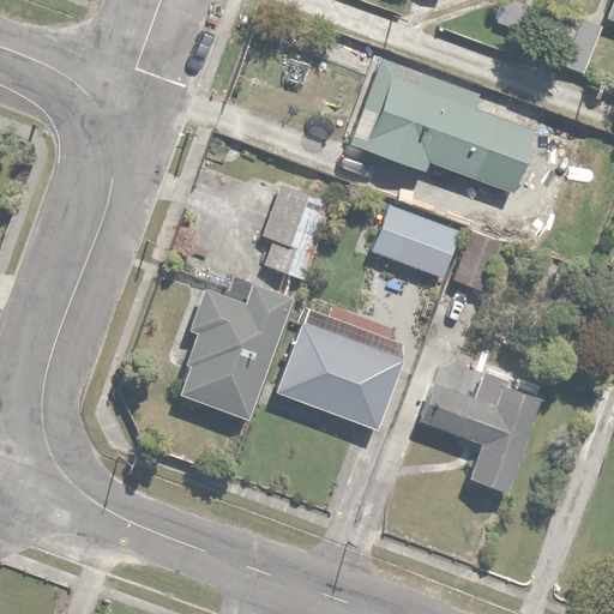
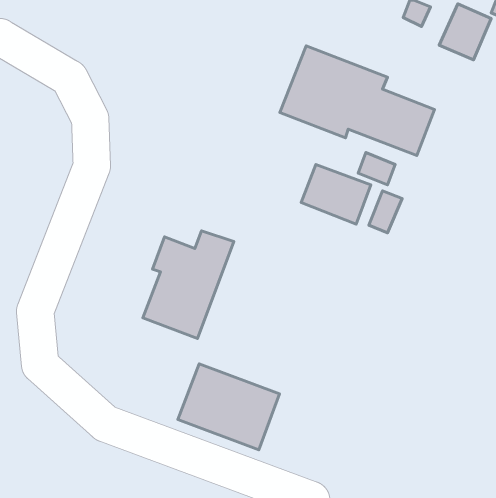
building: [260,192,329,278] -> none
building: [277,323,402,428] -> [178,364,279,450]
building: [419,372,541,492] -> none

